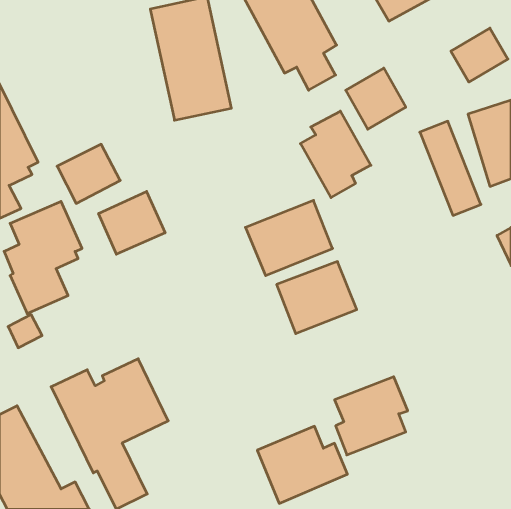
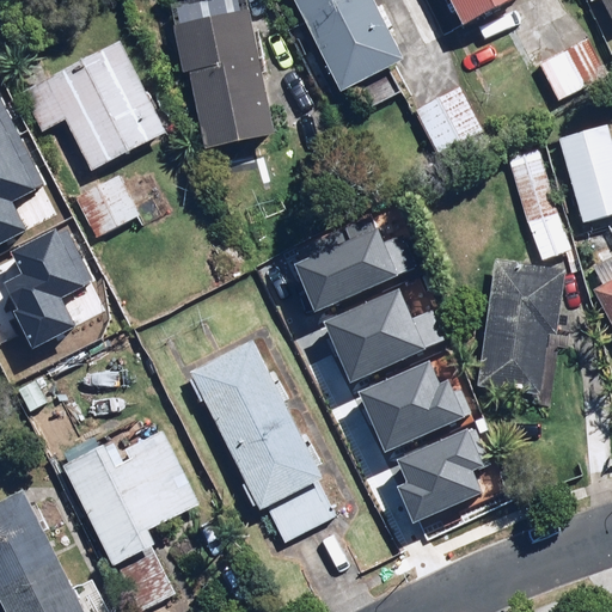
building: none -> [19,39,166,167]
building: [300,111,371,198] -> none
building: [99,191,165,254] -> none
building: none -> [479,257,564,391]
building: none -> [189,337,331,537]
building: [257,426,347,503] -> [360,381,467,473]

